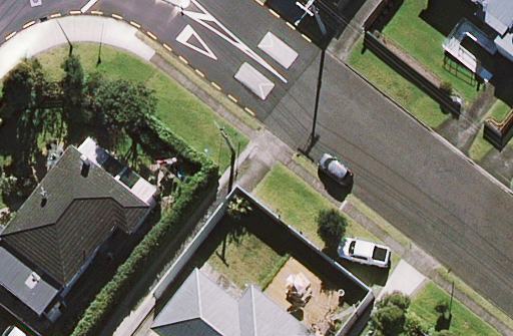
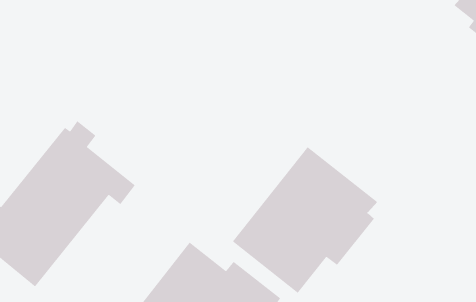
building: none -> [232,146,378,294]

